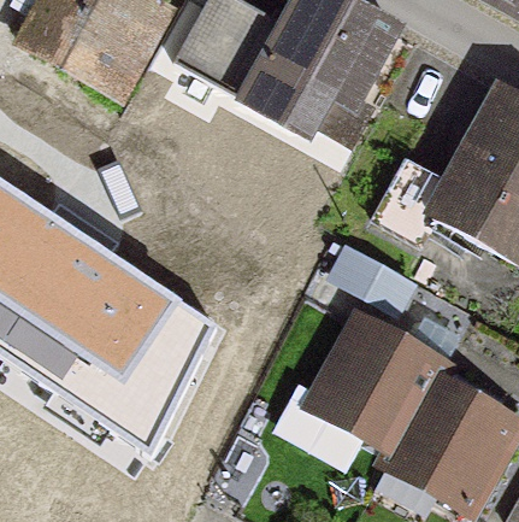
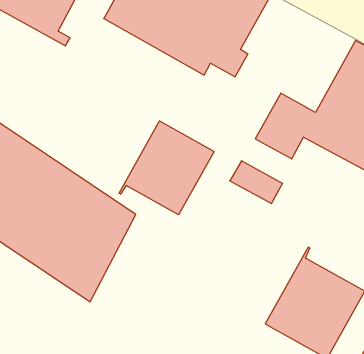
building: none -> [119,121,214,215]
building: [279,319,443,465] -> none

